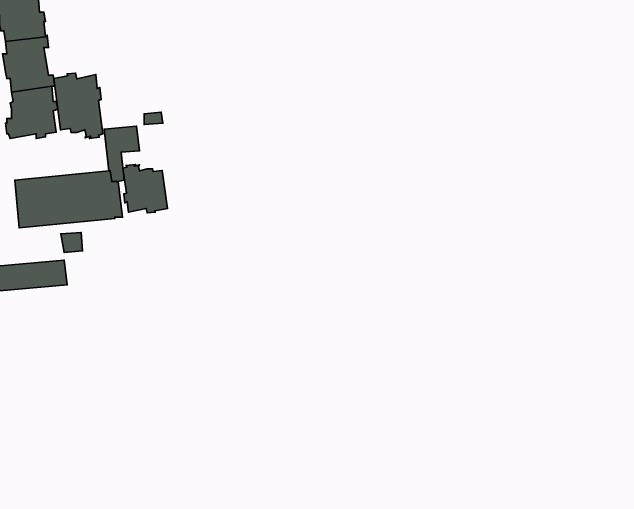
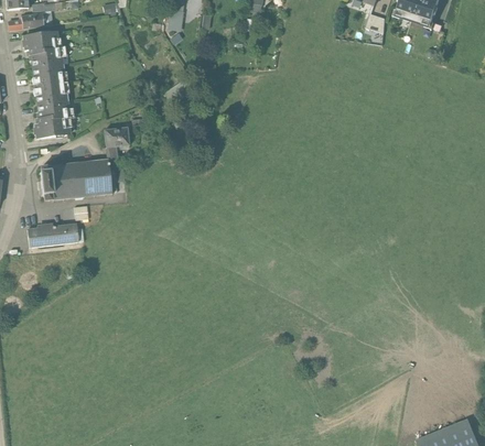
building: [54,73,103,138] -> none
building: [123,165,168,213] -> none

